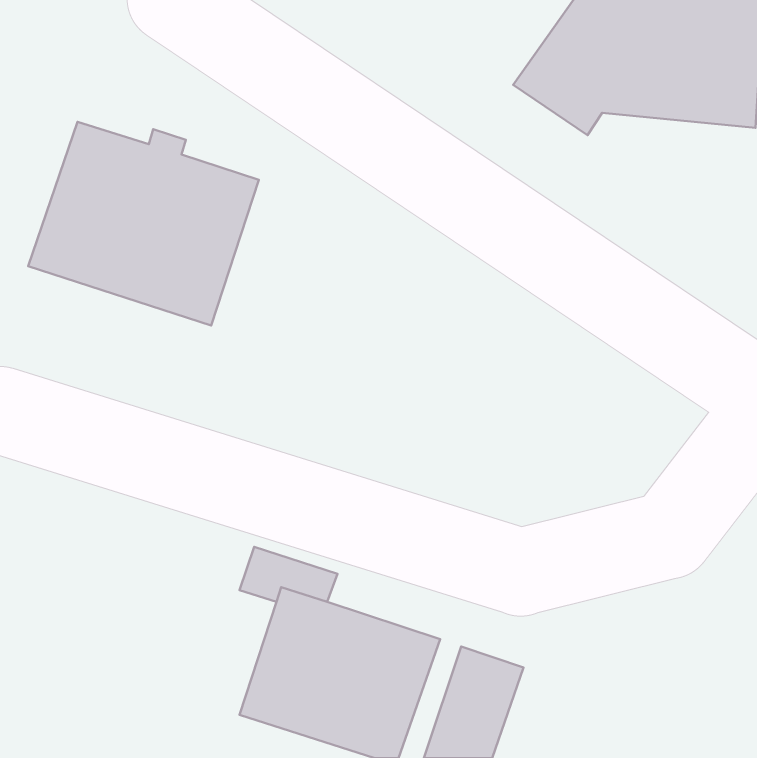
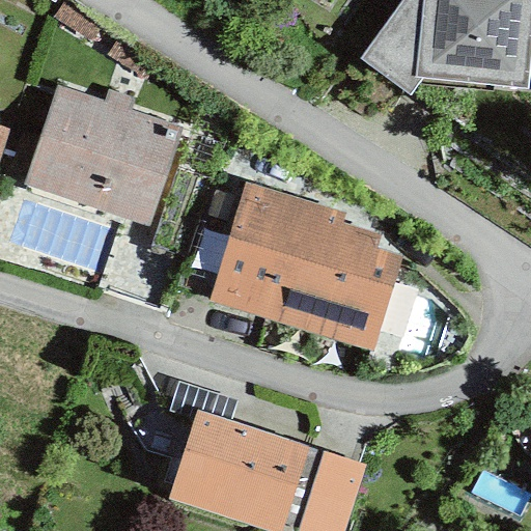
building: none -> [209,183,400,350]

